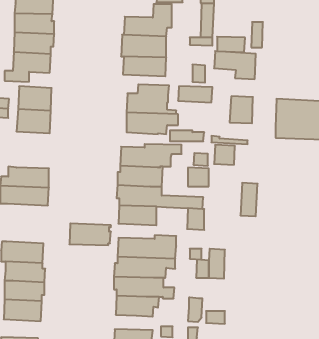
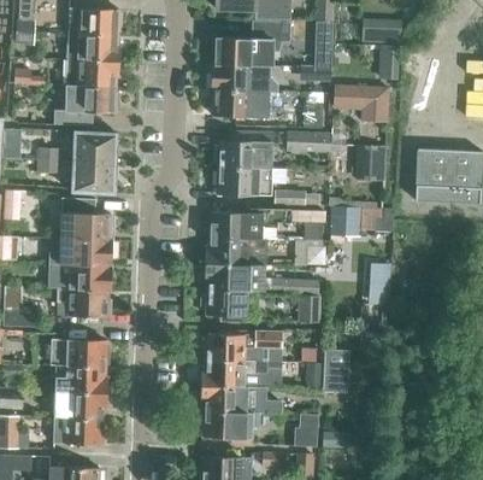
building: [217,37,245,52] -> [363,23,400,43]
building: none -> [59,198,114,241]
building: [69,223,111,245] -> [57,288,112,317]

